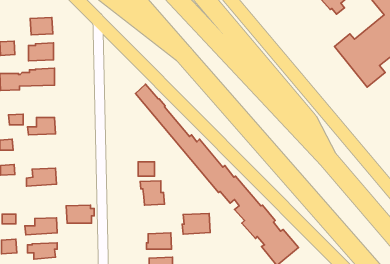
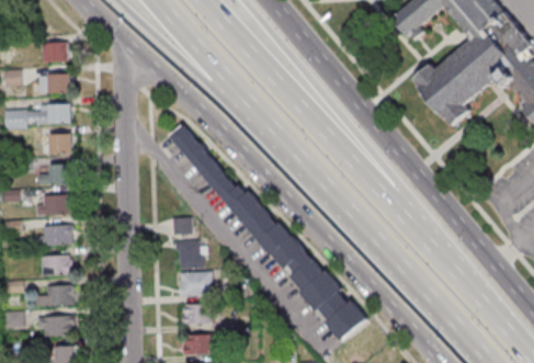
building: none -> [39,132,71,154]
building: none -> [36,194,72,216]
building: [66,205,94,223] -> [39,254,73,276]
building: [182,213,210,234] -> [179,272,213,297]

